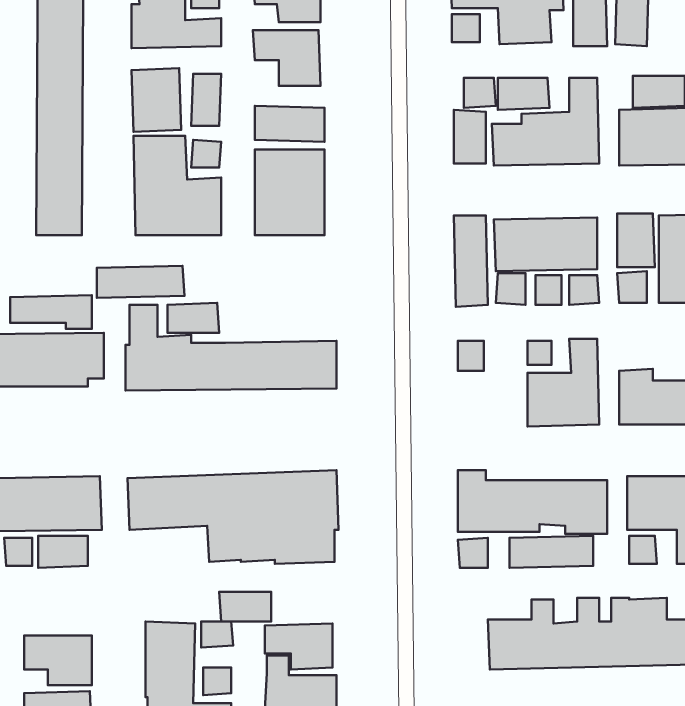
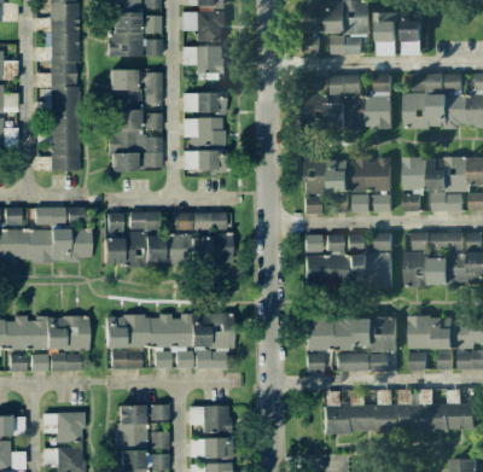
building: [97,266,184,298] -> [175,211,228,231]
building: none -> [305,234,347,285]
building: [219,592,271,622] -> [111,350,142,368]

